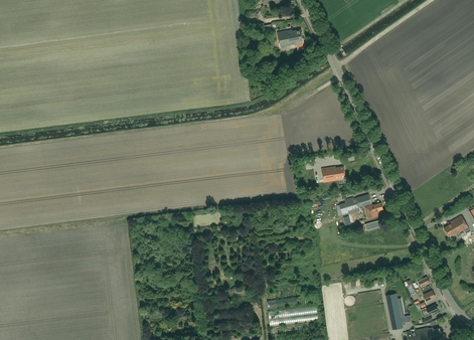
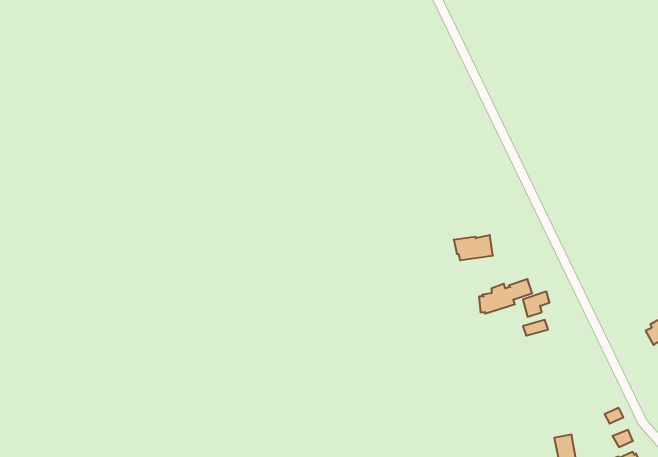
building: [278,29,305,49] -> none

